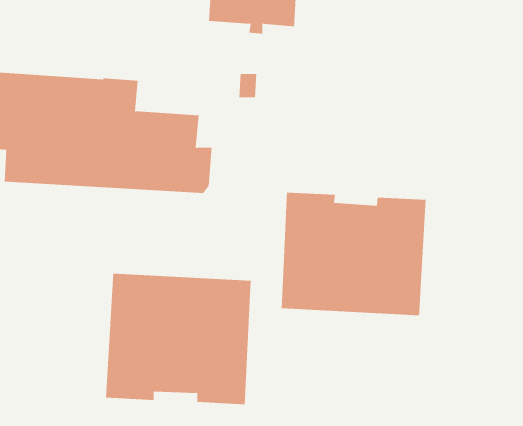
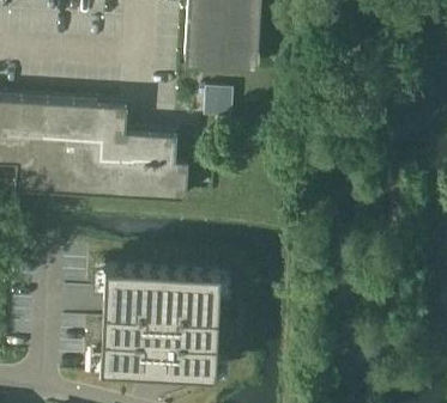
building: [281,192,426,316] -> none

